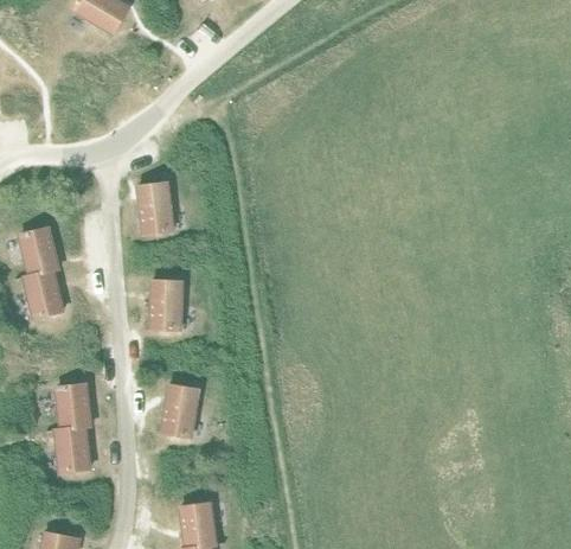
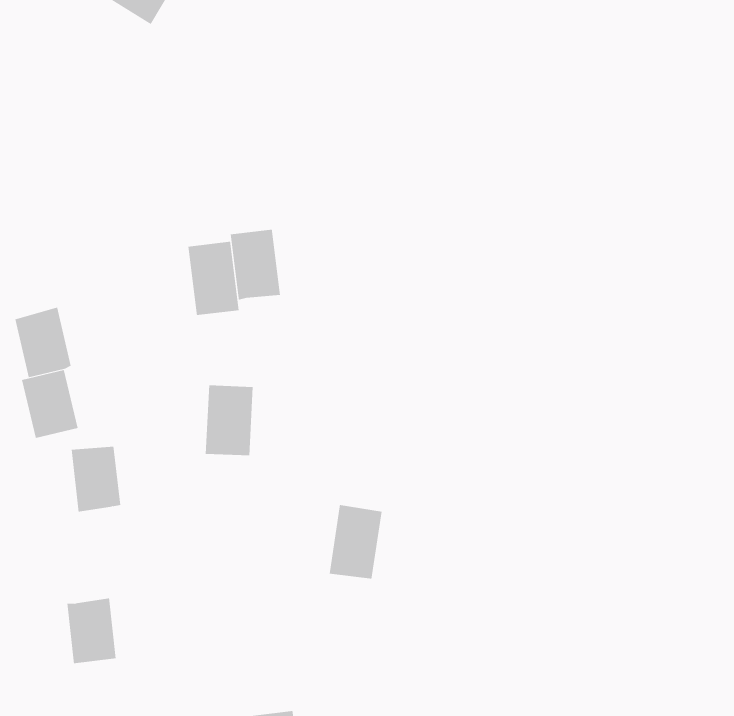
building: none -> [230,229,281,301]
building: [56,385,90,430] -> [71,446,121,512]
building: [161,385,198,436] -> [329,505,383,579]

